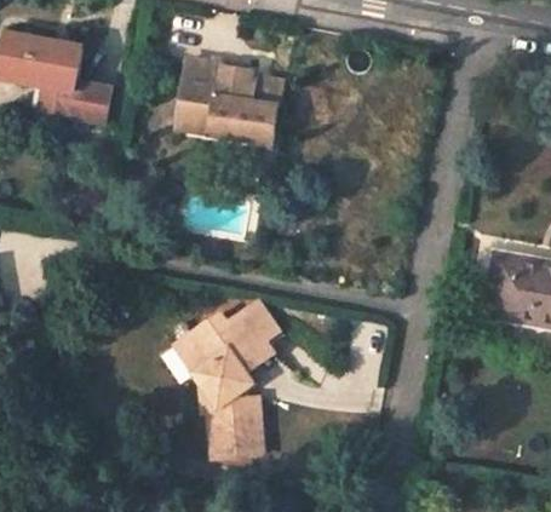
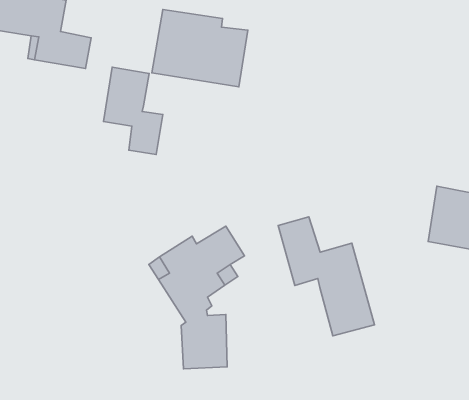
building: none -> [103,67,163,154]
building: none -> [278,217,375,336]

